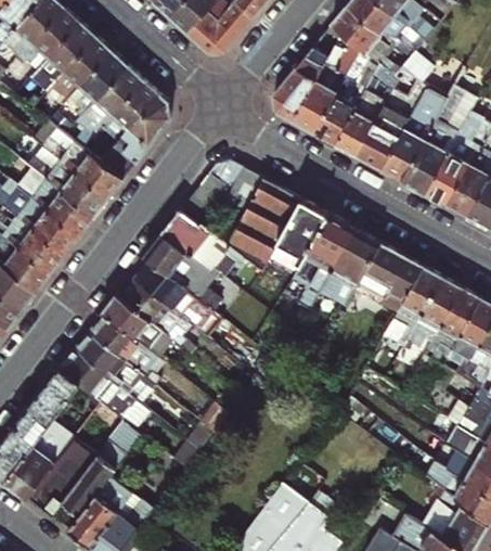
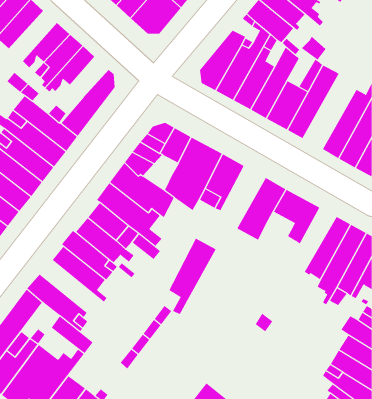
building: [37,22,96,85] -> none
building: [98,79,160,138] -> none
building: [402,100,471,194] -> none
building: [296,215,356,311] -> [169,238,217,315]
building: [386,267,443,347] -> none
building: [75,332,155,402] -> none

